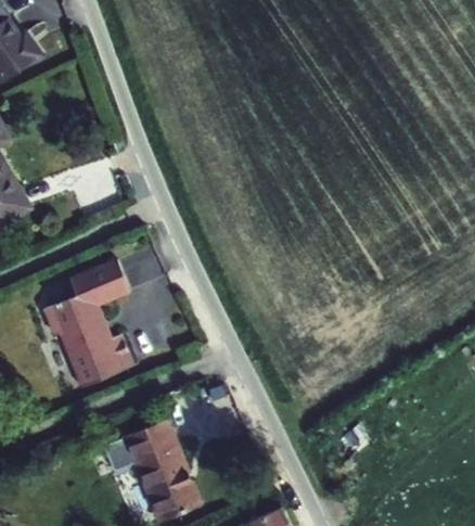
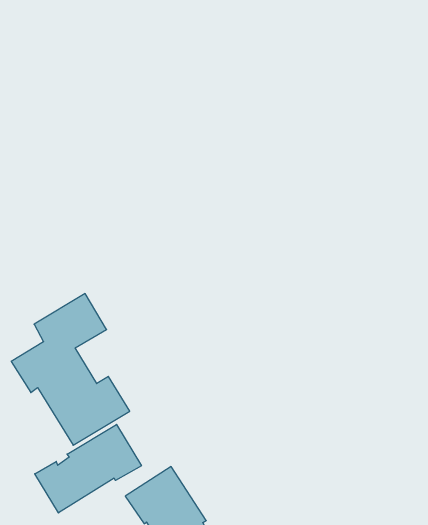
building: none -> [35,424,141,513]

